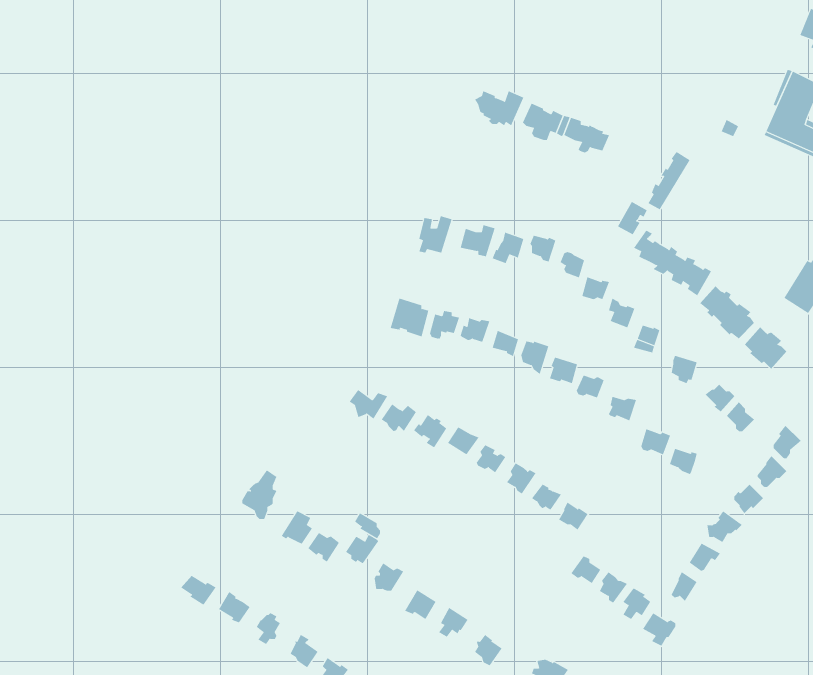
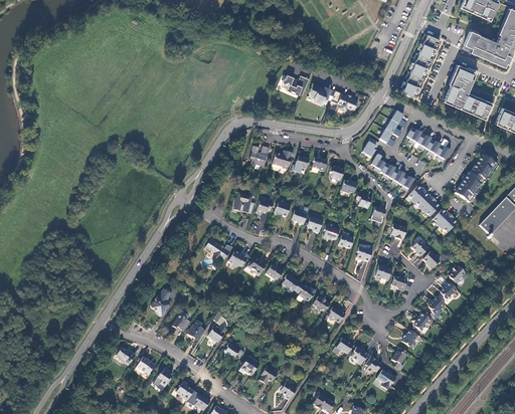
building: none -> [401,32,441,95]
building: none -> [405,127,450,161]

